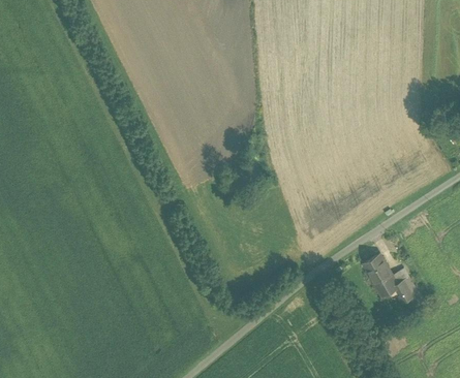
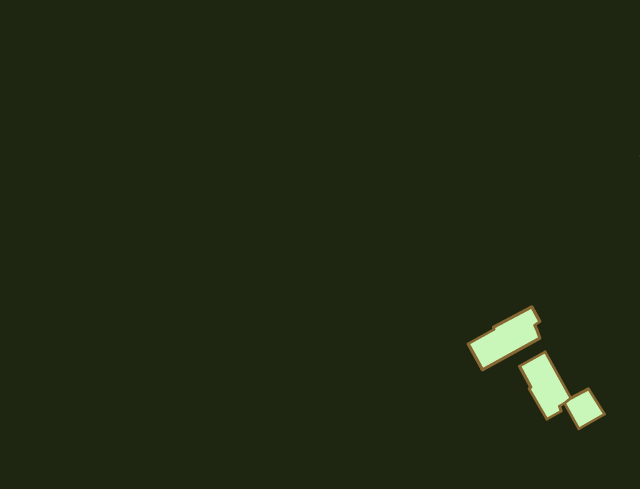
building: none -> [468,307,540,370]

